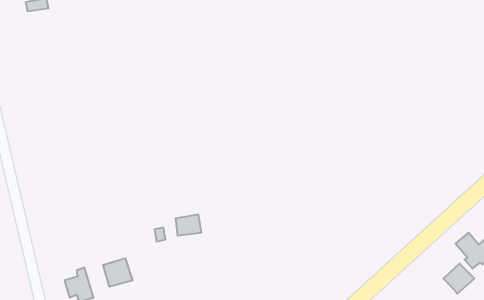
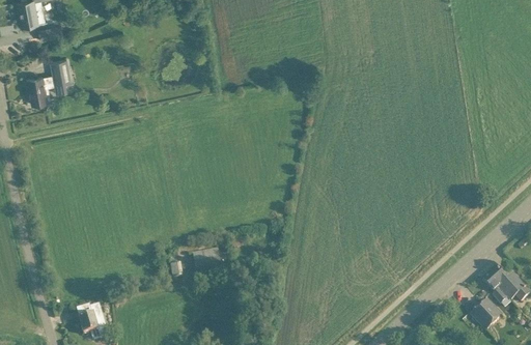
building: none -> [26,60,71,104]
building: [103,258,132,287] -> none

